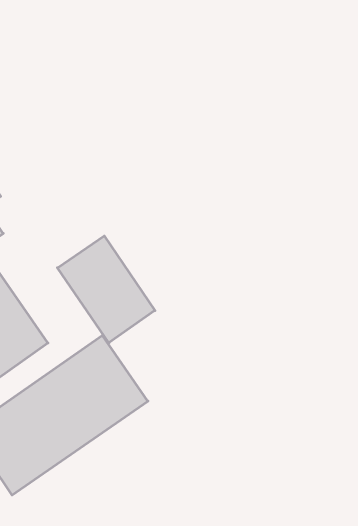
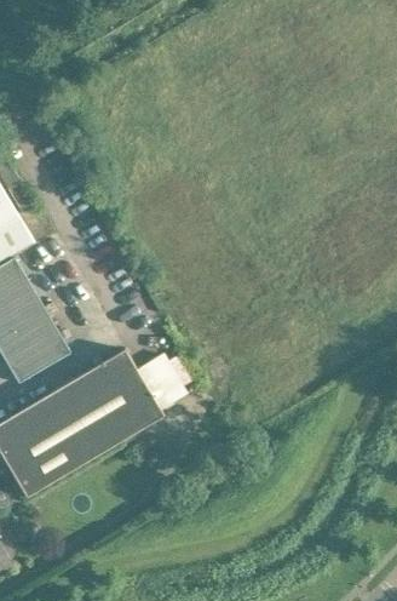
building: [57,236,155,343] -> none

